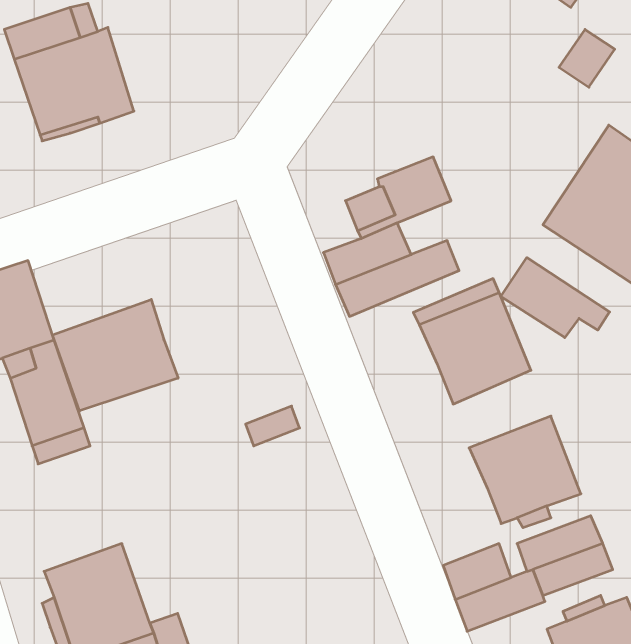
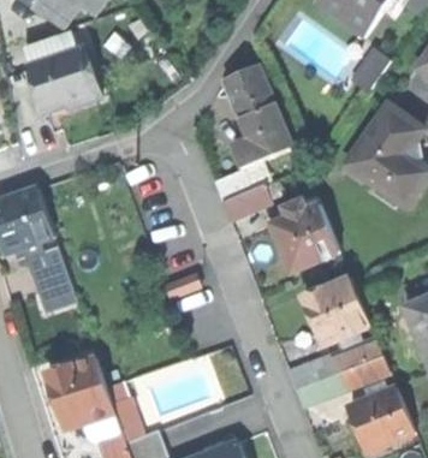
building: none -> [224,69,280,137]
building: [501,258,610,338] -> none
building: [52,299,178,411] -> none

